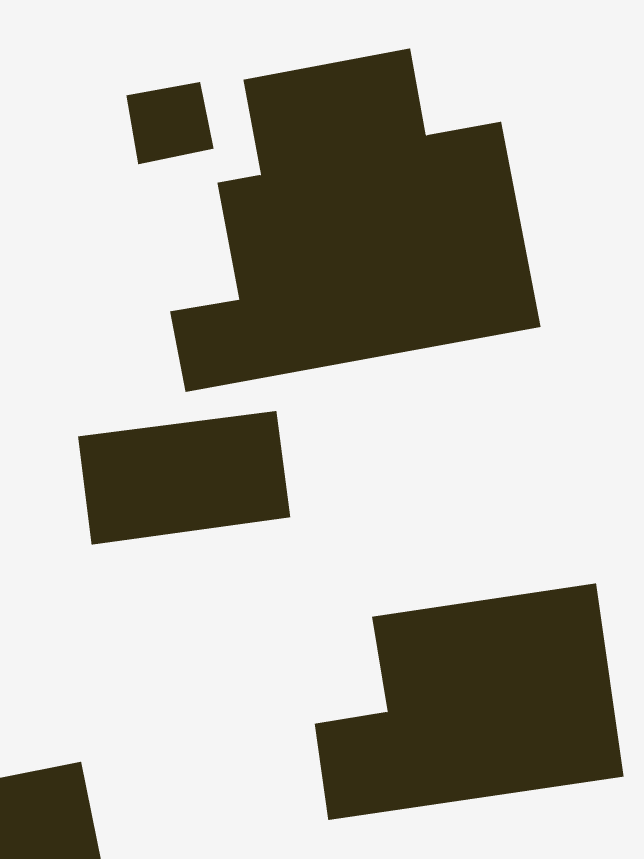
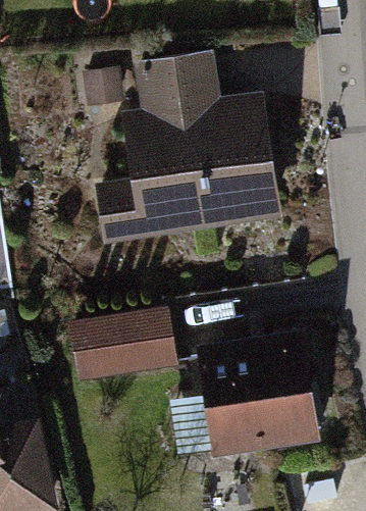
building: [77,411,291,545] -> [63,315,173,385]

